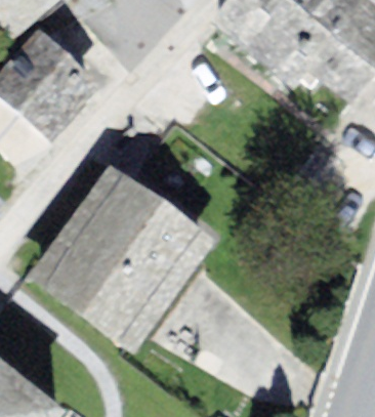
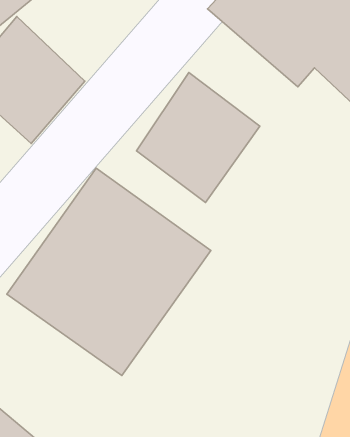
building: none -> [136,72,260,203]

